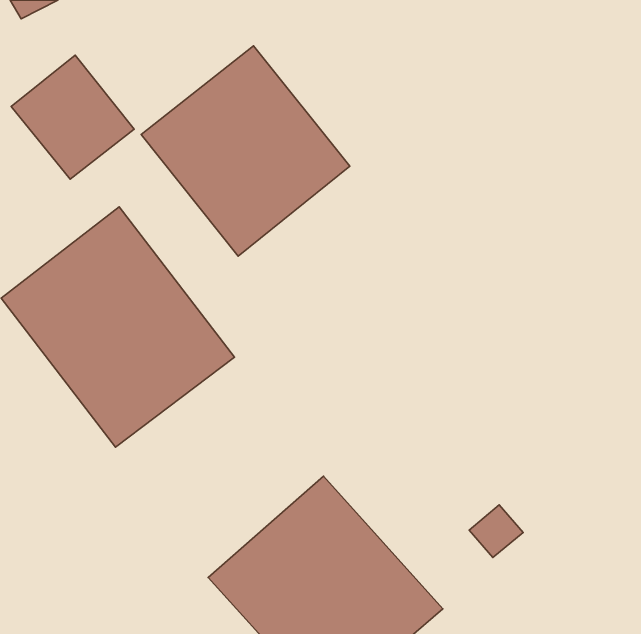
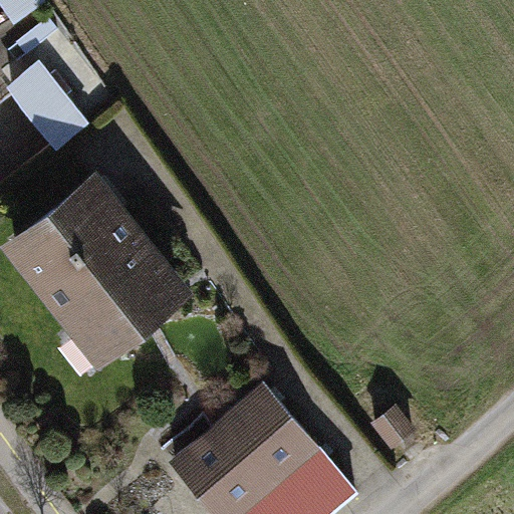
building: [141,46,350,256] -> none

